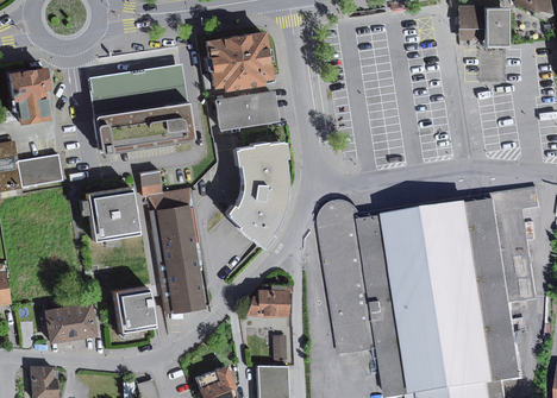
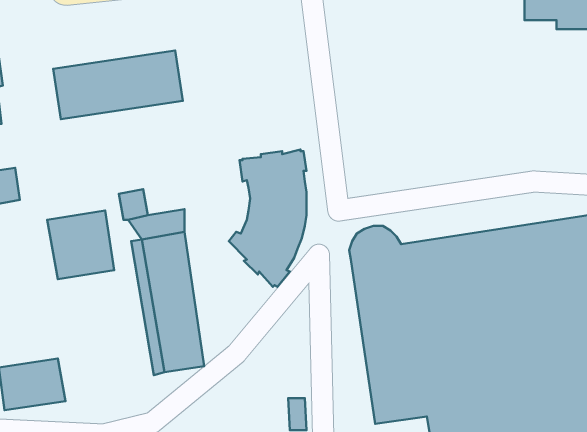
building: [205,31,271,90] -> none
building: [215,90,280,131] -> none
building: [94,102,195,154] -> none
building: [248,284,290,316] -> none
building: [111,286,151,330] -> none

